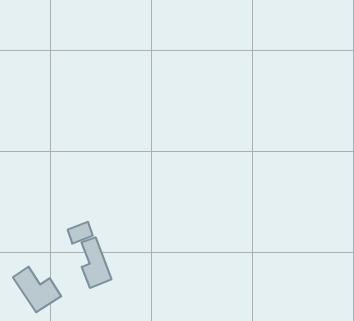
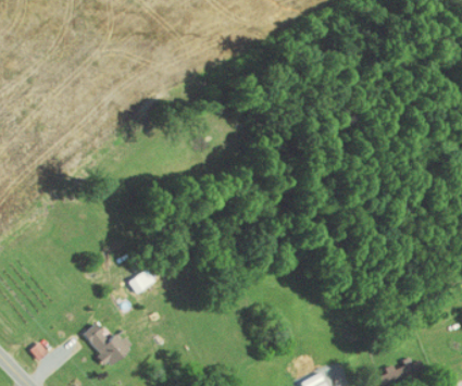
building: [82,237,111,288] -> none

